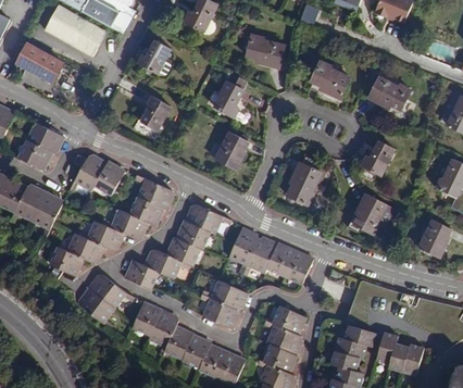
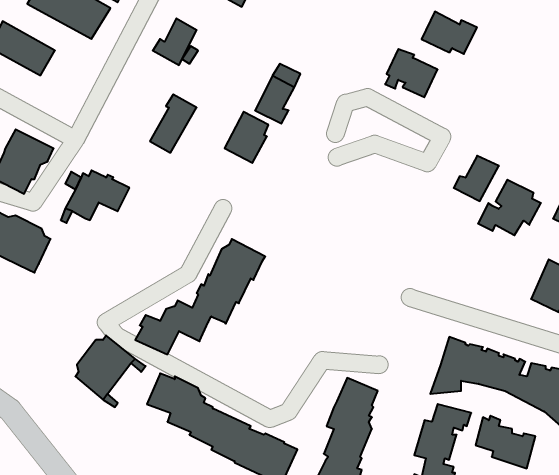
building: [246,35,284,67] -> none
building: [368,77,410,109] -> [422,12,477,54]
building: [214,132,247,170] -> [225,112,268,163]
building: [287,155,327,204] -> none
building: [50,178,170,276] -> none
building: [345,193,391,235] -> [478,180,541,235]
building: [228,227,312,281] -> none
building: [202,280,248,328] -> none

